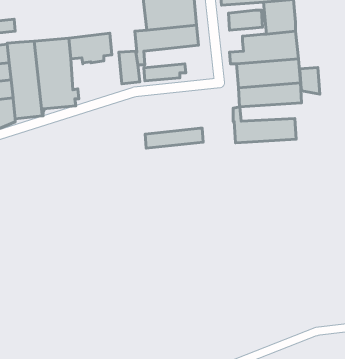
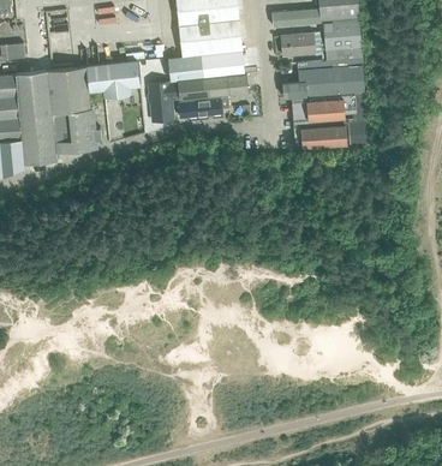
building: [300,67,320,94] -> none
building: [233,107,296,143] -> none
building: [145,128,203,148] -> [179,74,249,98]

